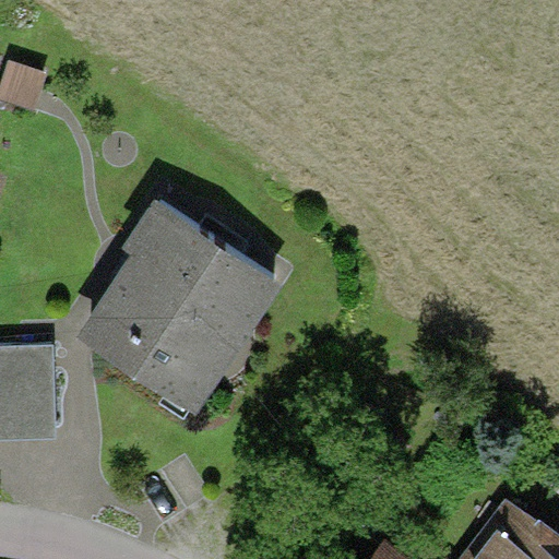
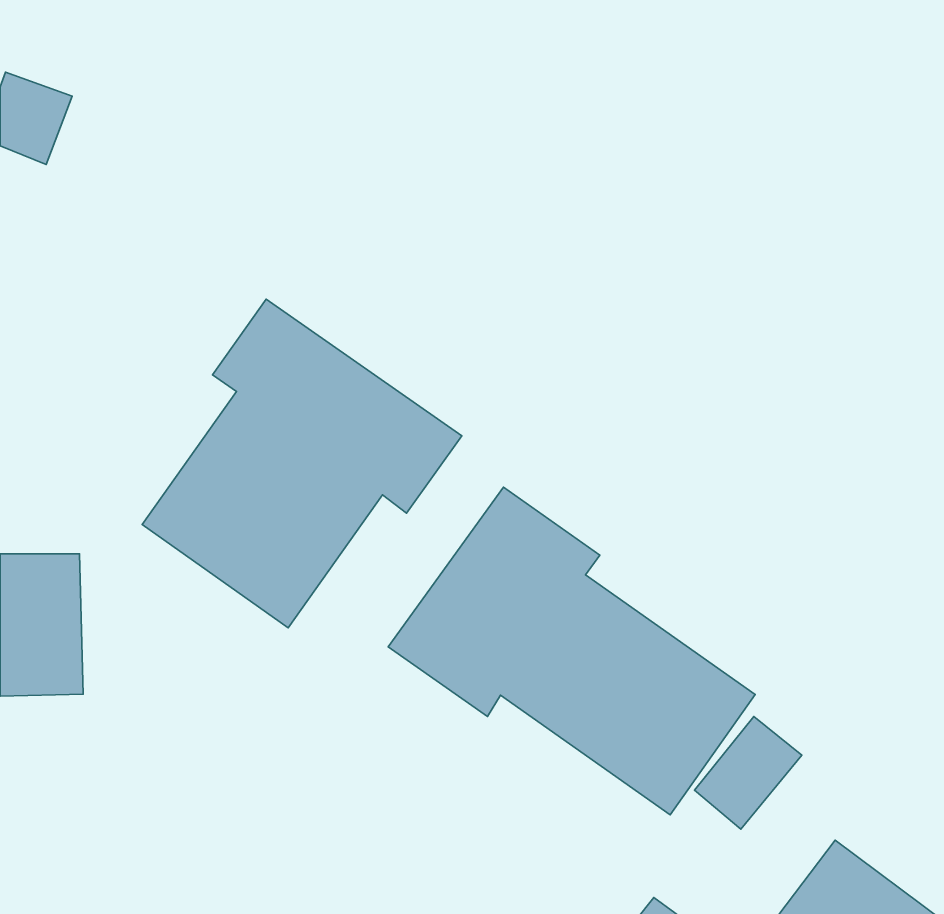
building: none -> [388,487,755,815]

